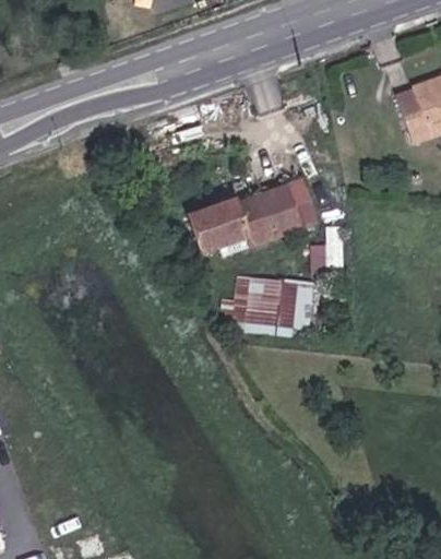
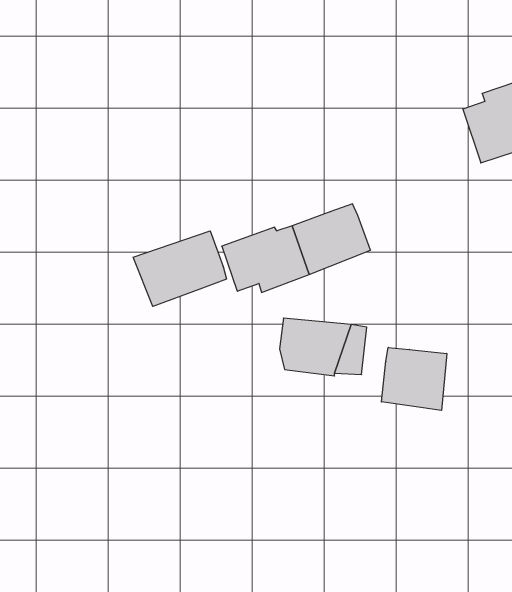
building: none -> [133,231,227,306]
building: none -> [381,347,447,410]

